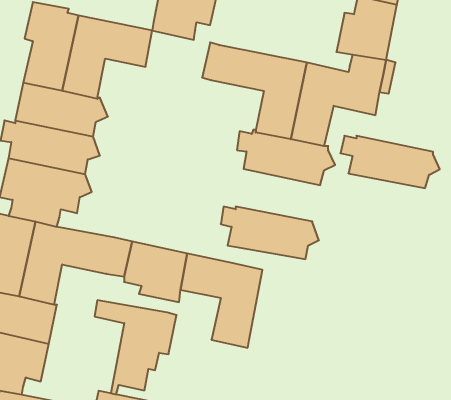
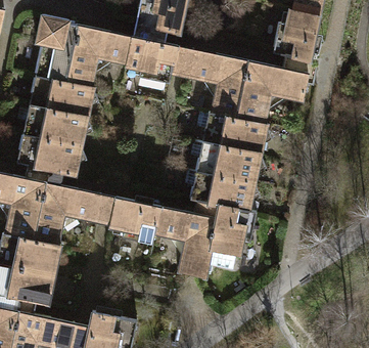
building: none -> [127,37,177,84]
building: [340,136,440,188] -> [190,142,266,182]
building: [95,300,177,394] -> [194,202,257,273]

